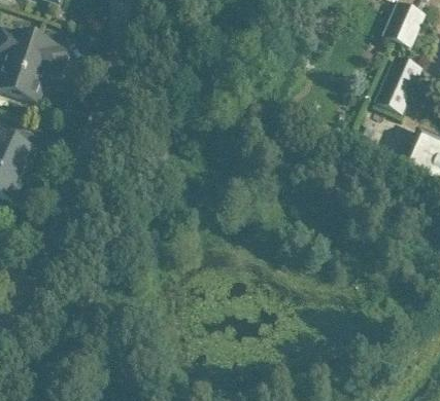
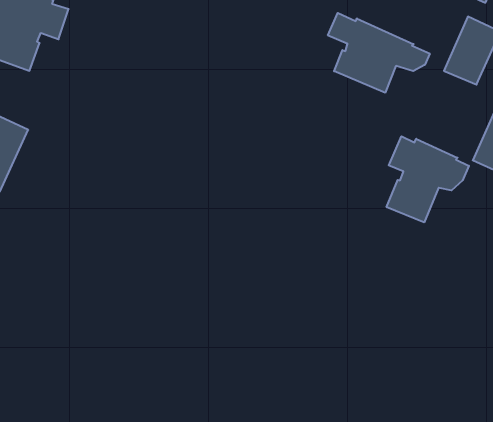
building: none -> [328,13,430,93]
building: none -> [387,136,469,222]

